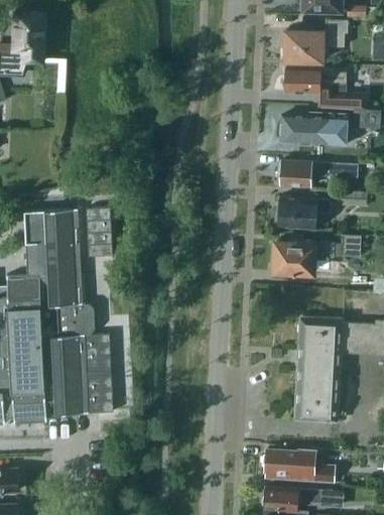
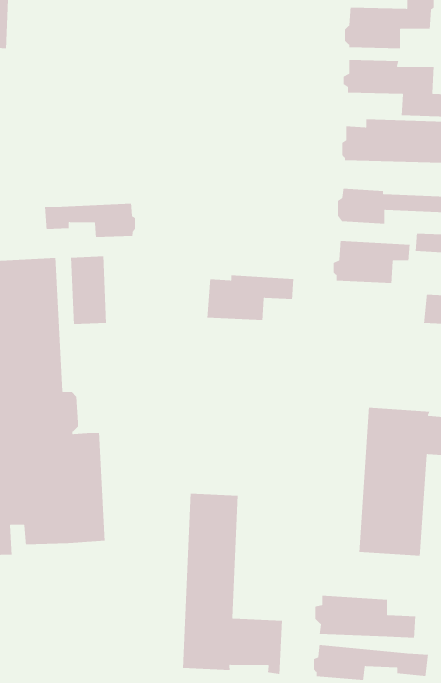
building: none -> [44,203,136,238]
building: [271,239,334,272] -> [207,274,294,321]
building: none -> [182,493,283,675]

